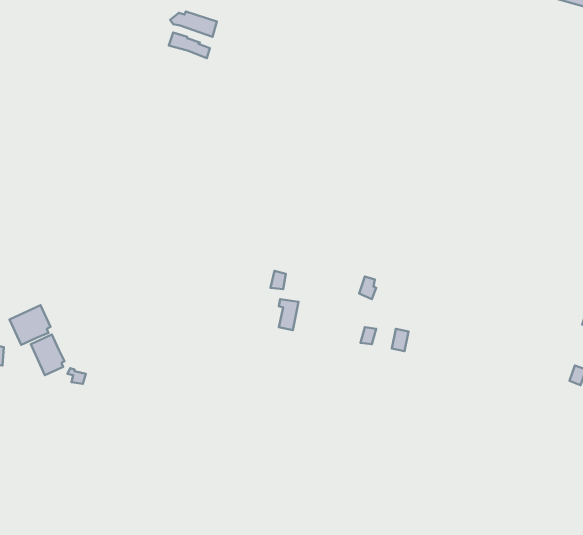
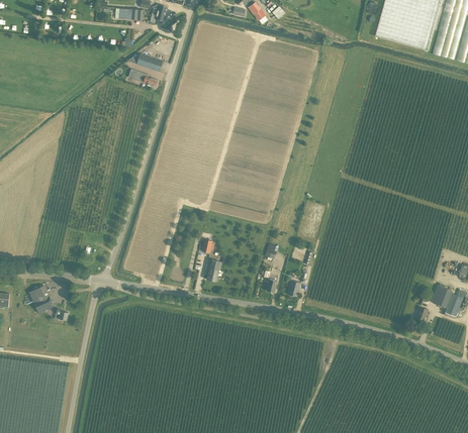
building: [10,305,51,345] -> none

